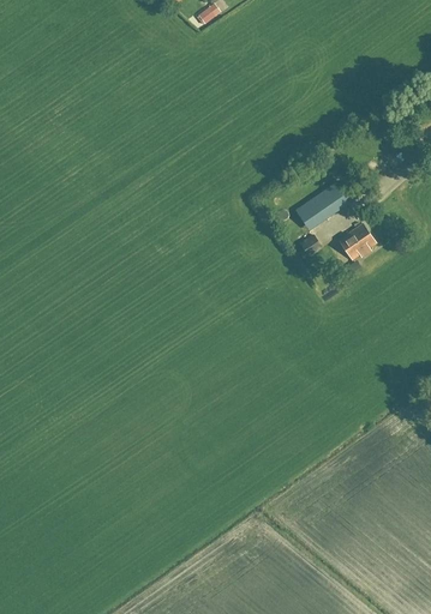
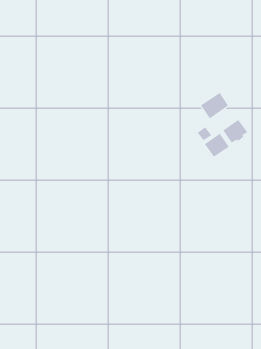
building: none -> [204,133,229,157]

